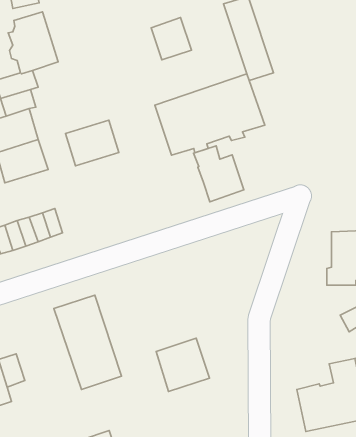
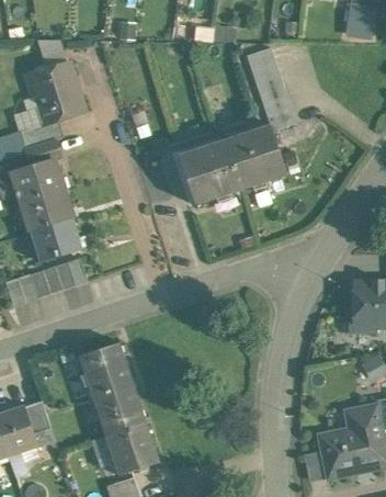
building: [151,18,191,60] -> none
building: [66,120,119,166] -> [30,218,82,263]
building: [194,146,244,202] -> none
building: [156,338,210,391] -> [105,422,158,475]

